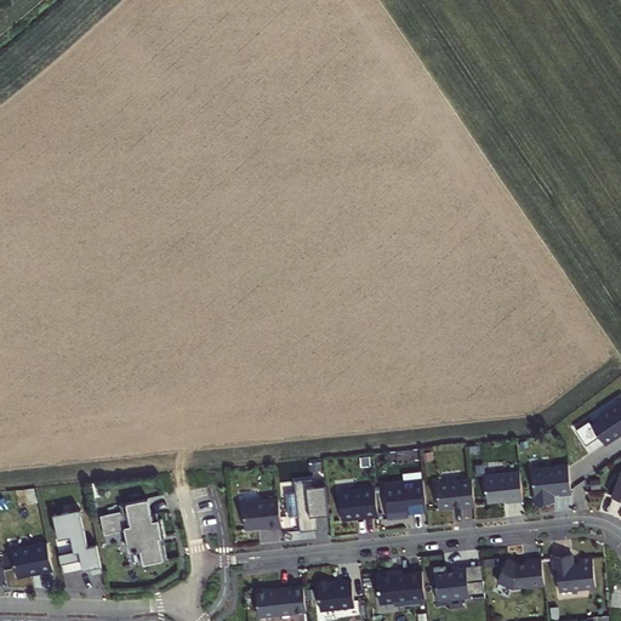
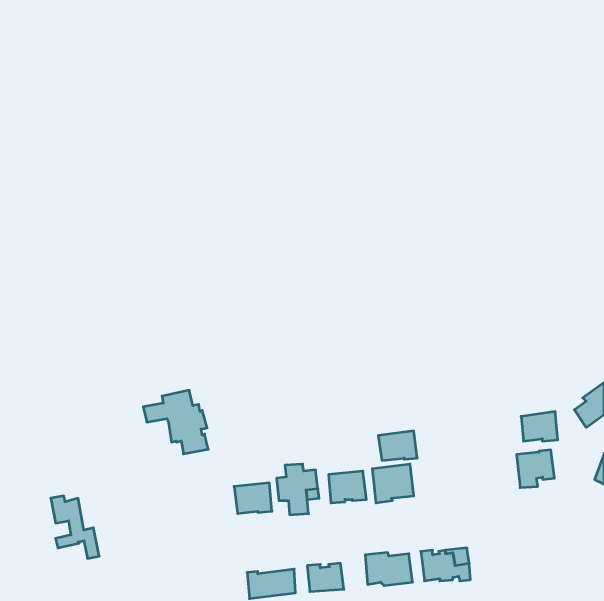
building: [483,472,520,502] -> [521,412,558,441]
building: [433,478,473,508] -> [378,431,417,460]
building: [99,498,166,564] -> [143,390,208,454]
building: [10,543,51,576] -> none
building: [551,554,593,591] -> none
building: [495,559,542,589] -> none

